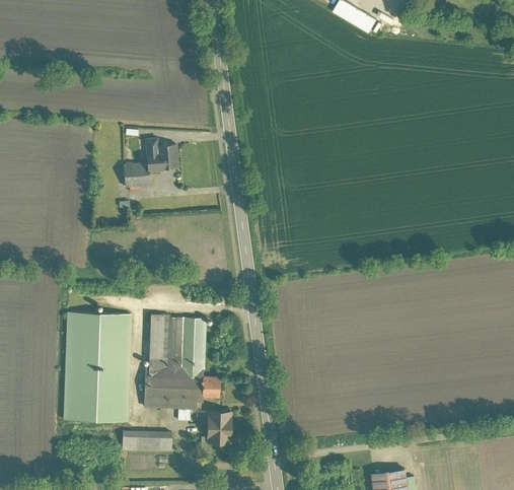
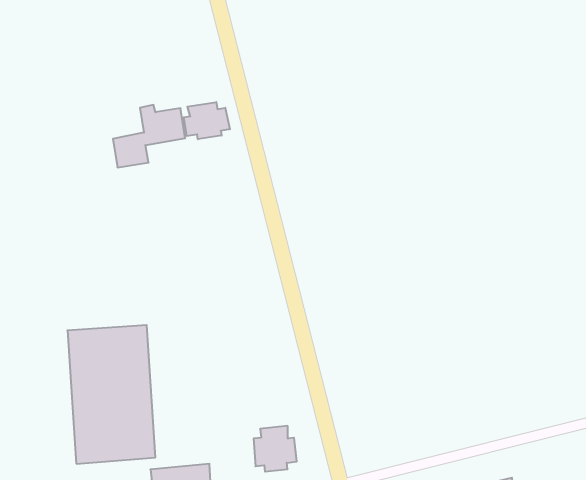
building: none -> [184,102,230,139]
building: [146,316,222,408] -> none

